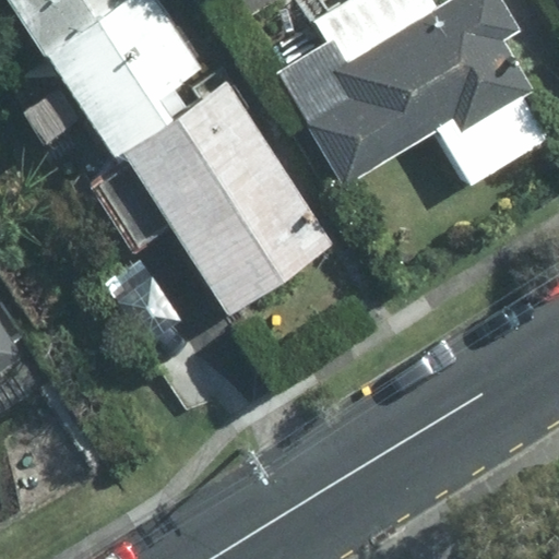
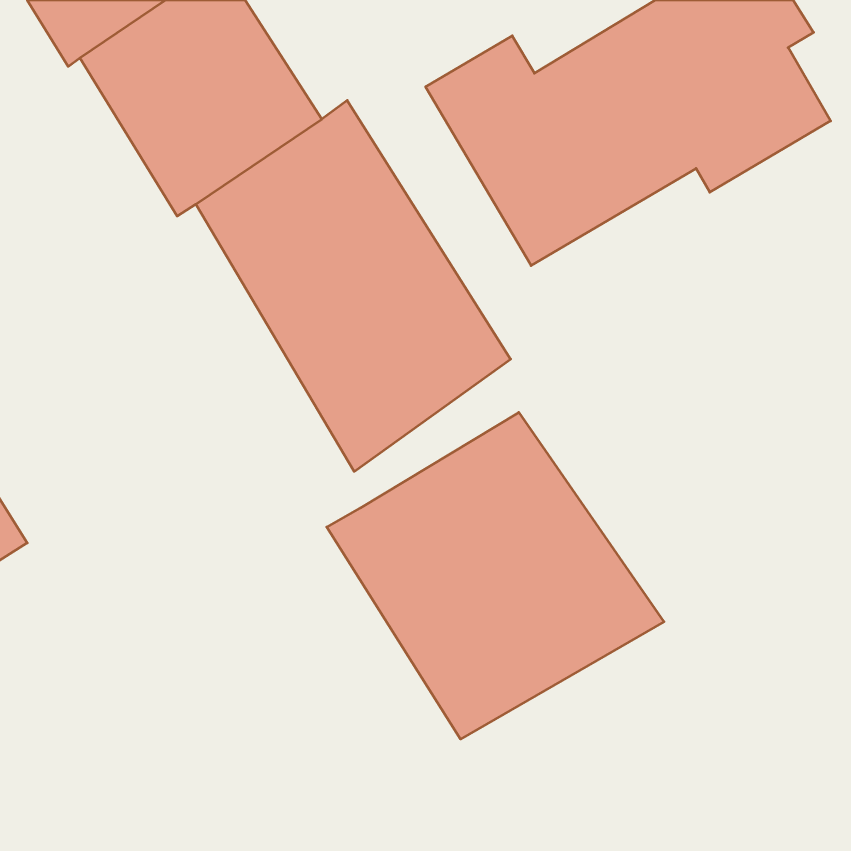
building: none -> [327,412,664,739]

